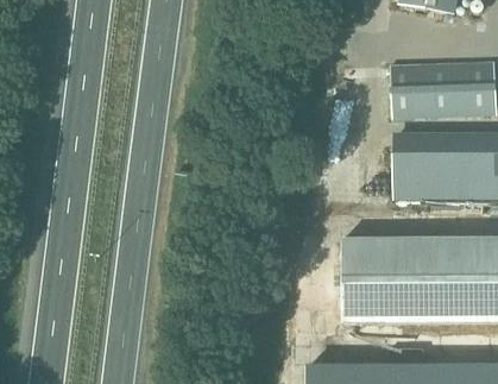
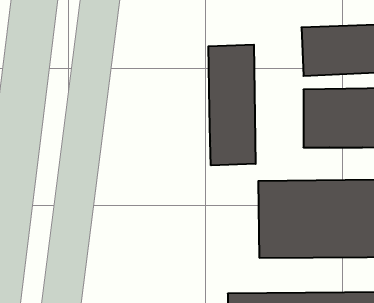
building: none -> [208,45,256,165]

